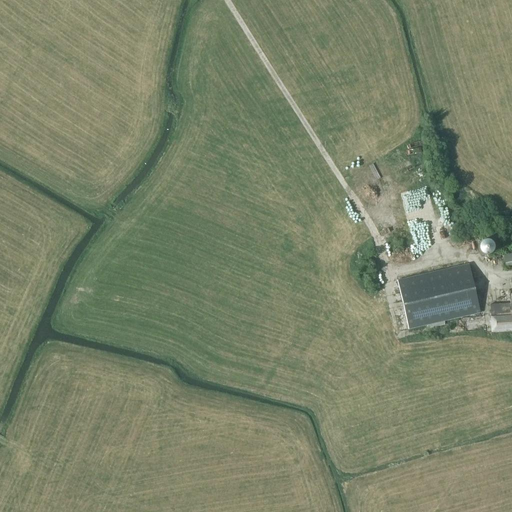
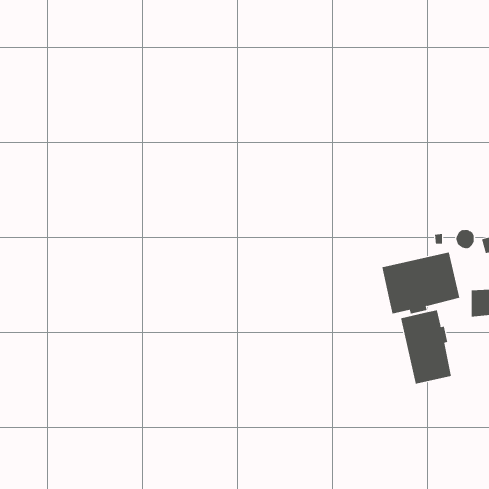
building: none -> [400,309,452,384]

